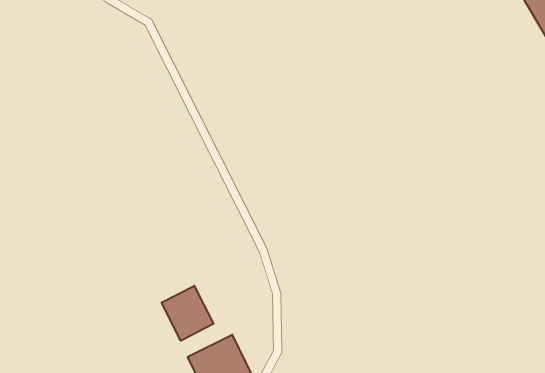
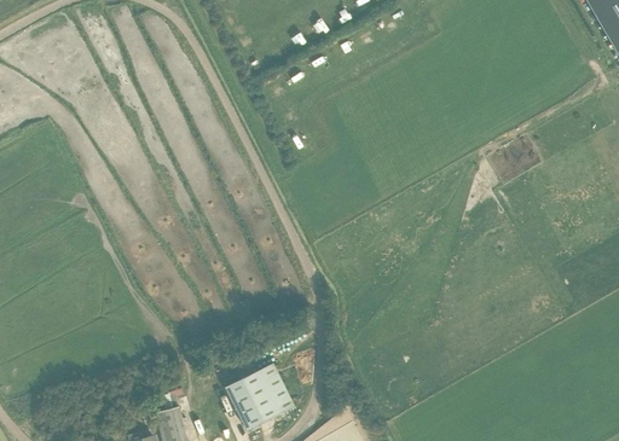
building: [162,286,213,341] -> none

